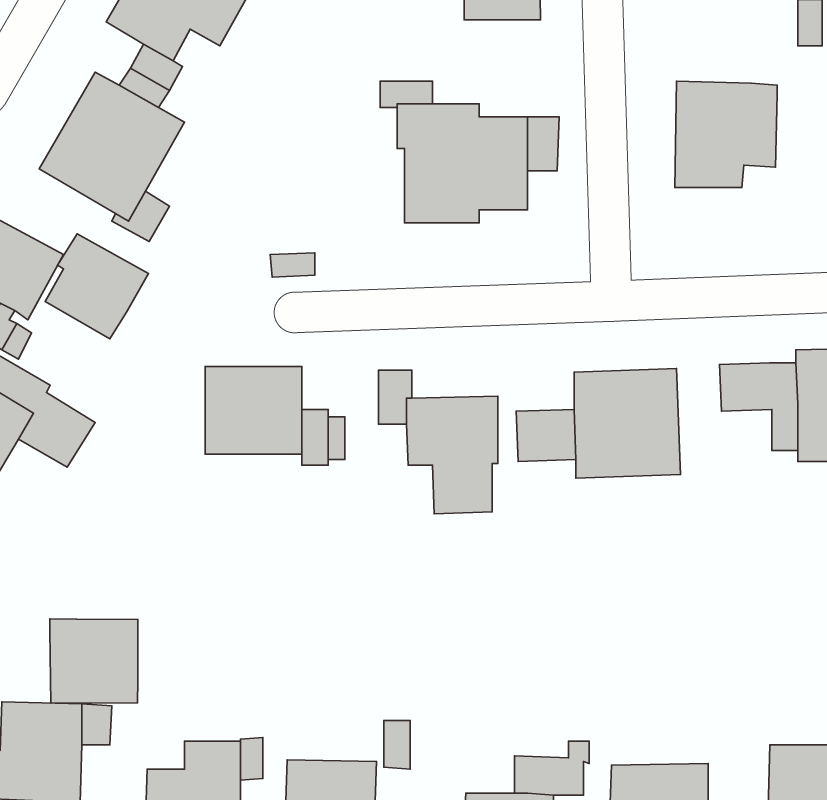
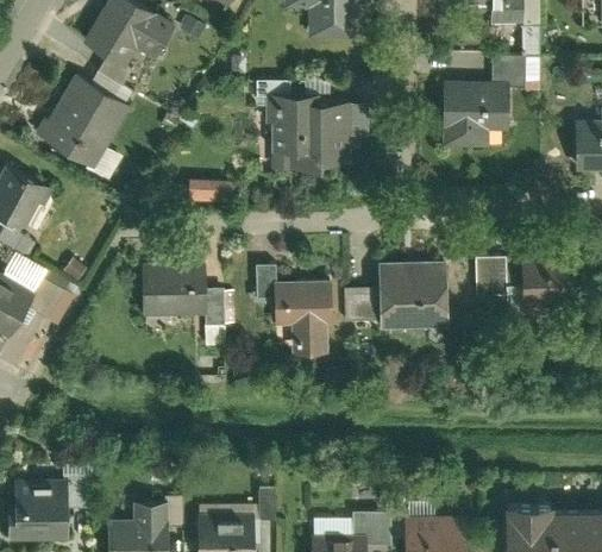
building: none -> [493,57,527,88]
building: [45,234,148,339] -> none
building: [50,619,138,703] -> none

